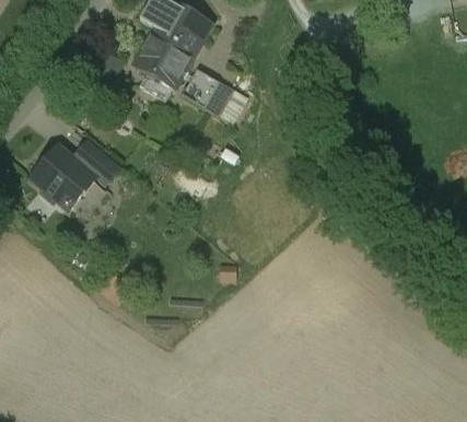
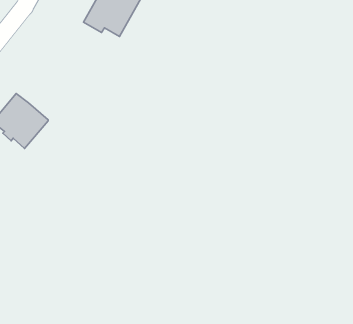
building: [180,68,232,115] -> none
building: [71,139,120,186] -> none

